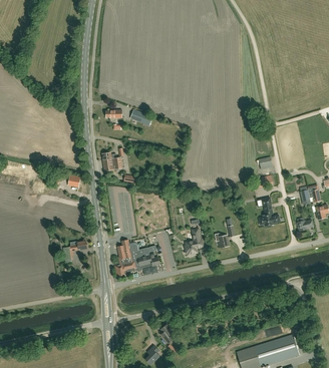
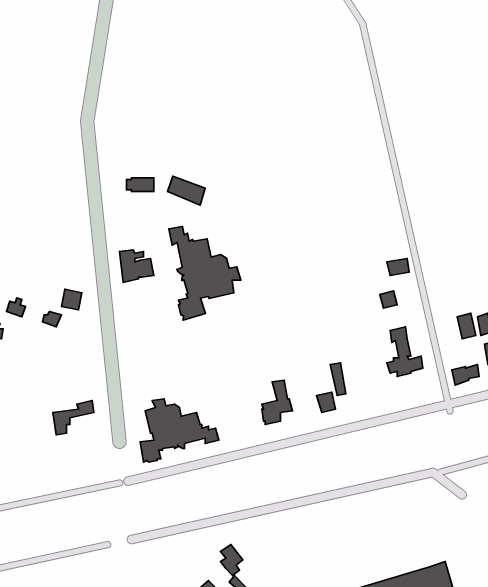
building: none -> [169,227,241,320]

